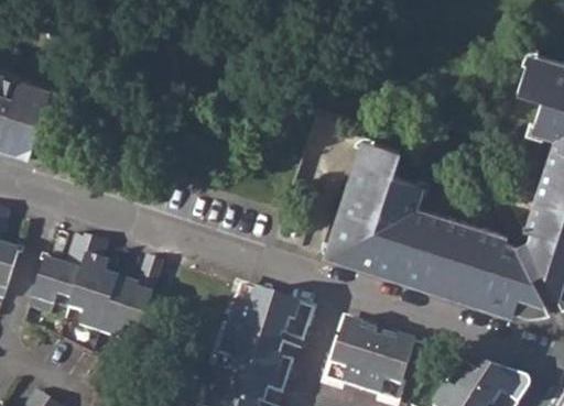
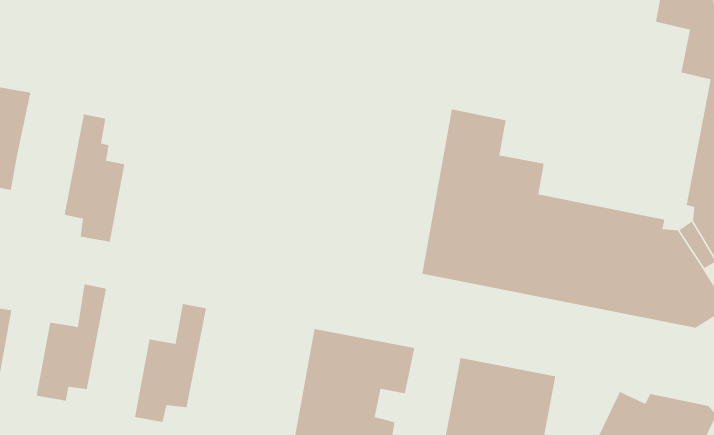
building: [68,240,118,337] -> [64,114,125,242]

